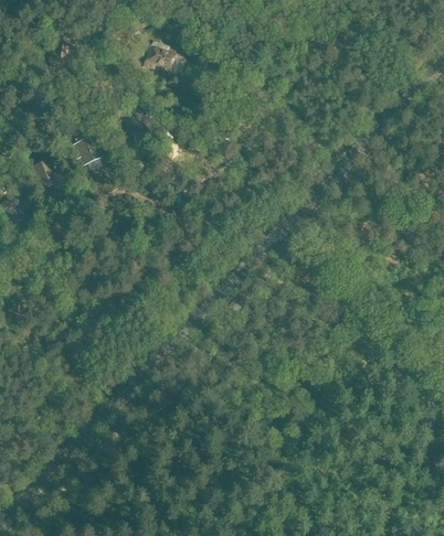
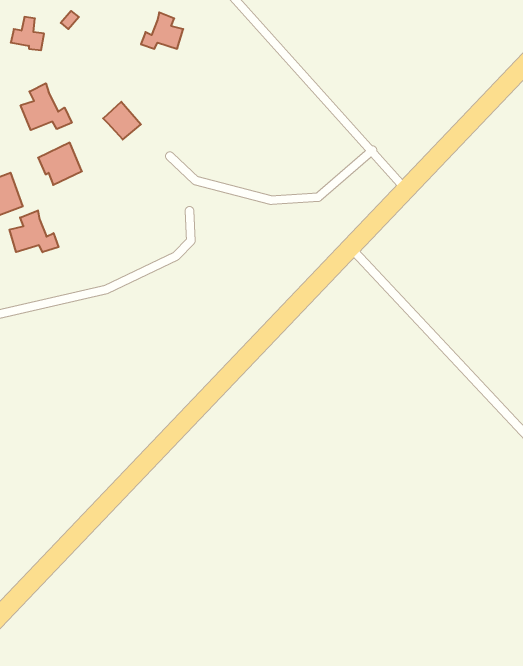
building: none -> [21,83,72,130]
building: none -> [9,210,59,252]

